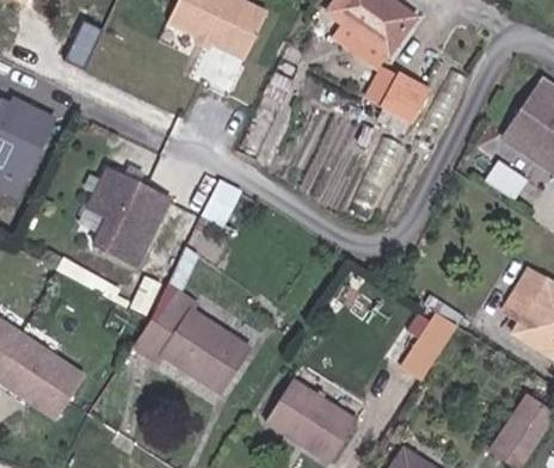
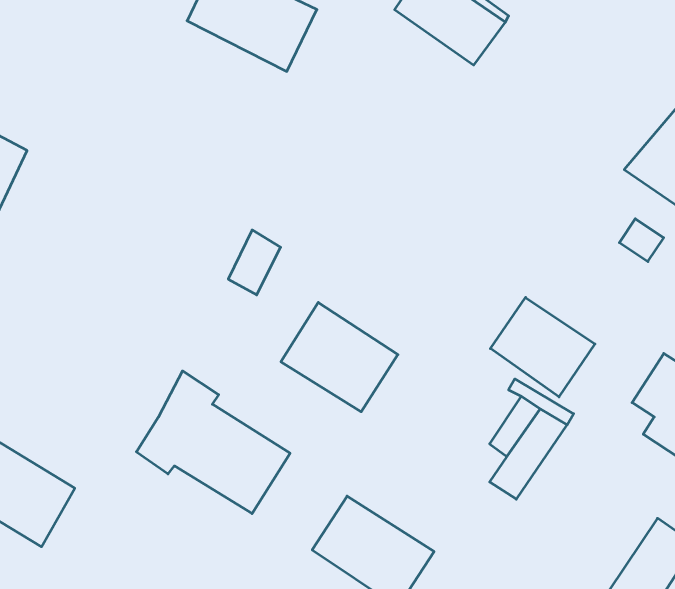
building: [381,73,427,123] -> none
building: [91,170,170,265] -> none
building: none -> [490,297,595,397]
building: none -> [281,302,398,412]

